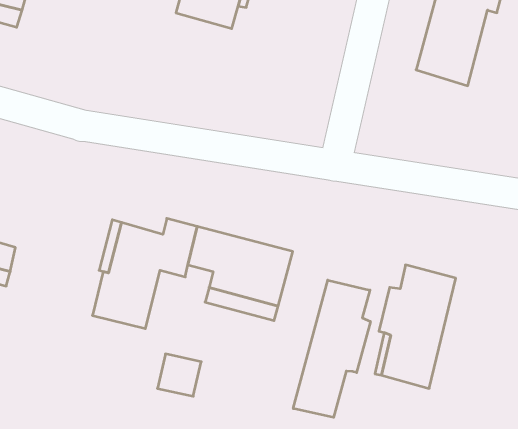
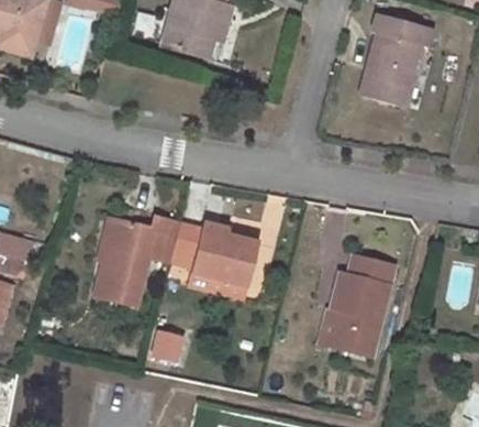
building: [293,280,370,417] -> none

